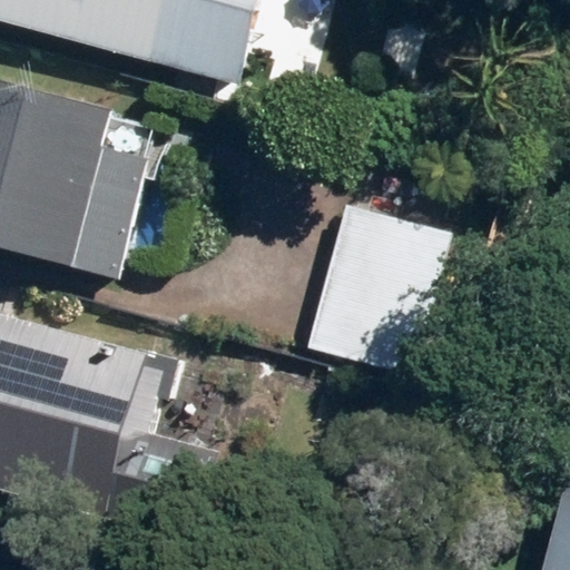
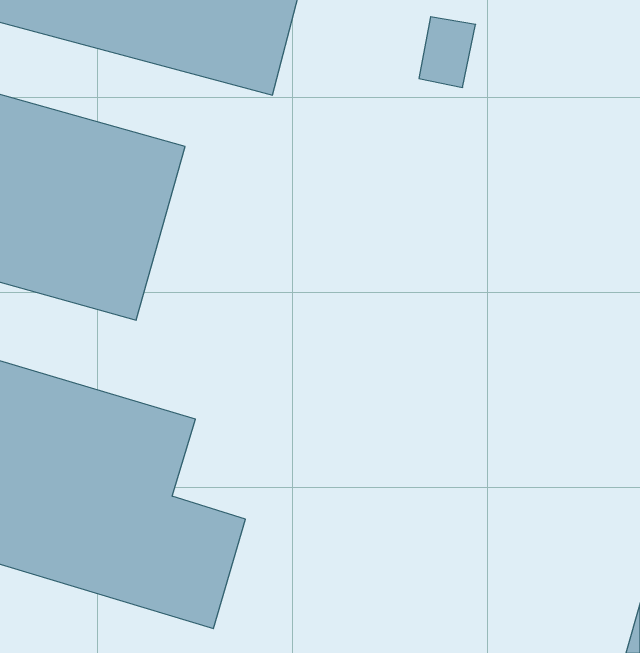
building: [302,227,436,372] -> none

